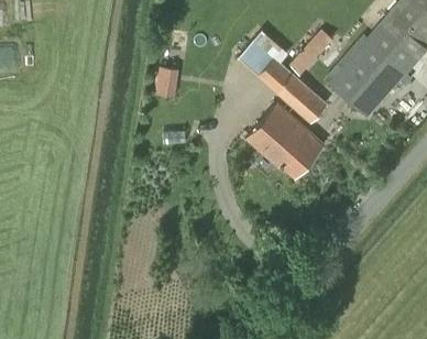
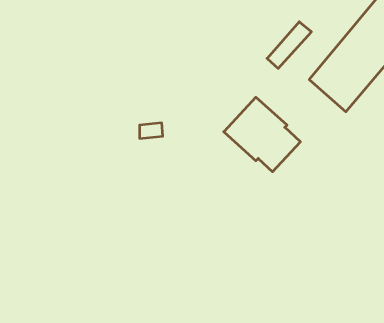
building: [210,47,326,122] -> none
building: [153,64,177,95] -> none

